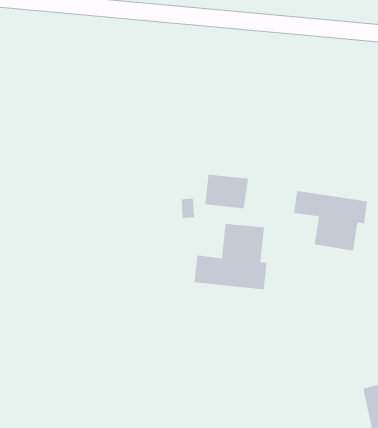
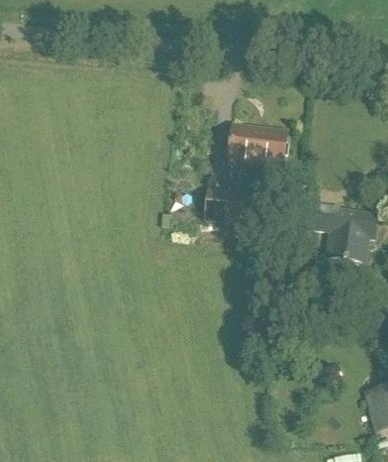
building: none -> [227,122,286,164]
building: [194,223,267,290] -> none

